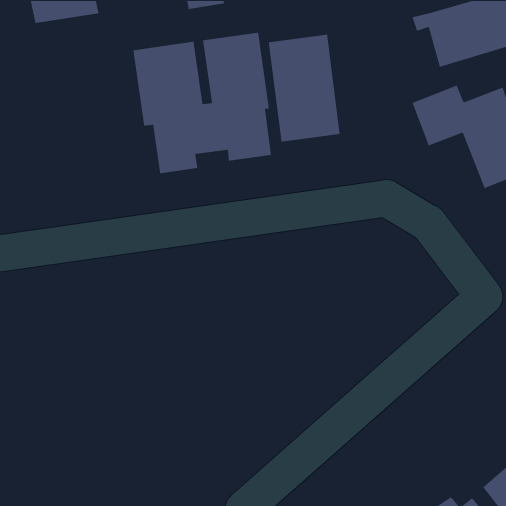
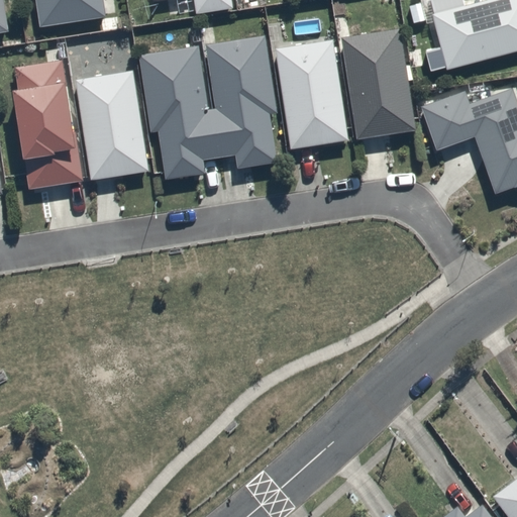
building: none -> [335,29,415,139]
building: none -> [10,60,80,190]
building: none -> [74,69,147,179]

